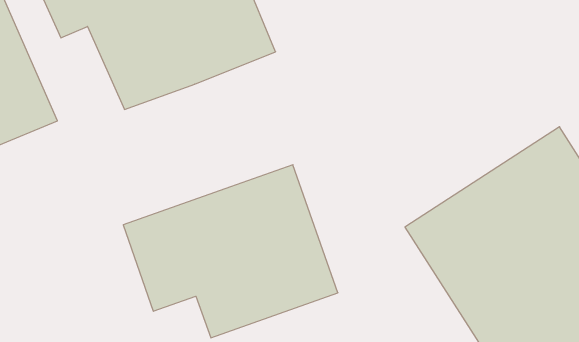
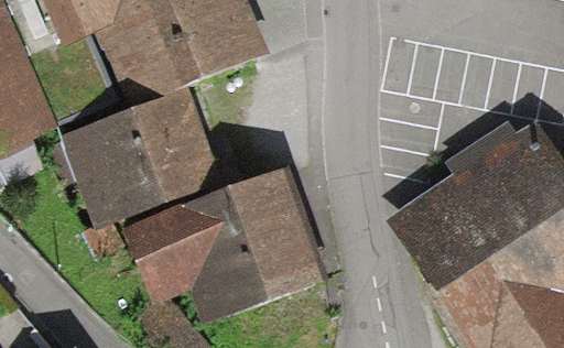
building: none -> [56,84,221,228]

